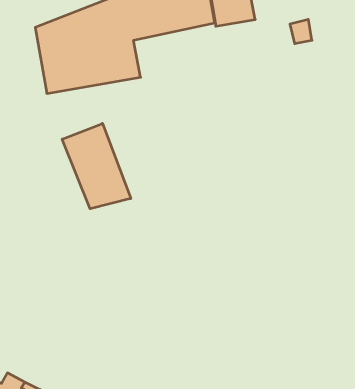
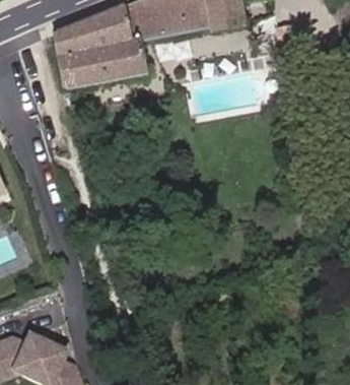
building: [62,123,131,209] -> none

